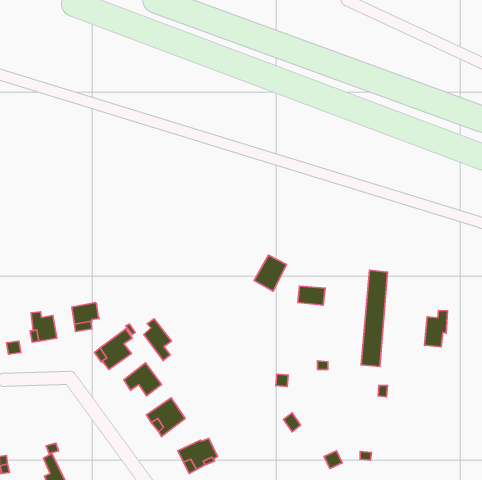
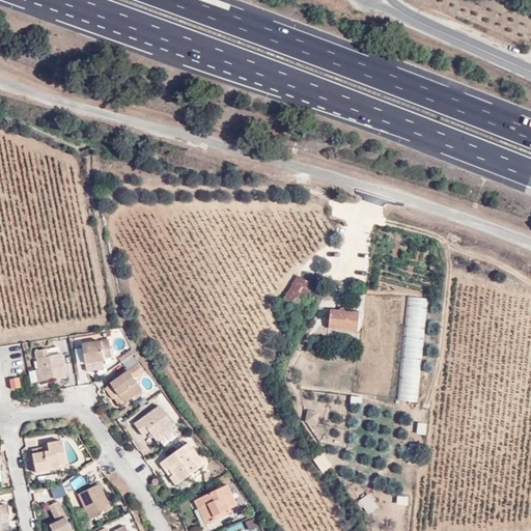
building: [424,311,447,347] -> none
building: [144,319,172,361] -> none
building: none -> [31,440,66,473]
building: none -> [79,485,111,520]

